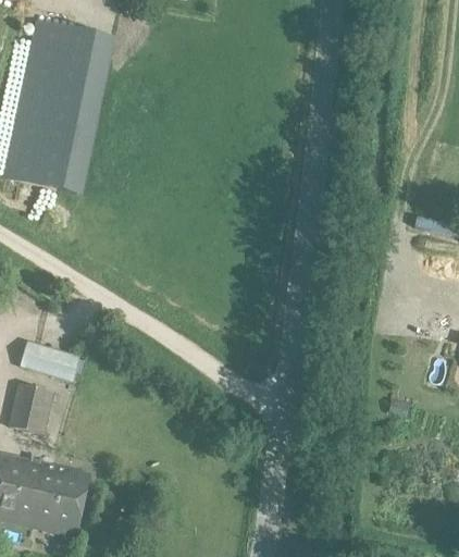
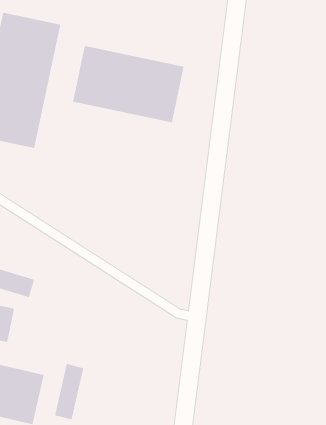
building: none -> [72,45,184,123]
building: none -> [54,363,84,420]

